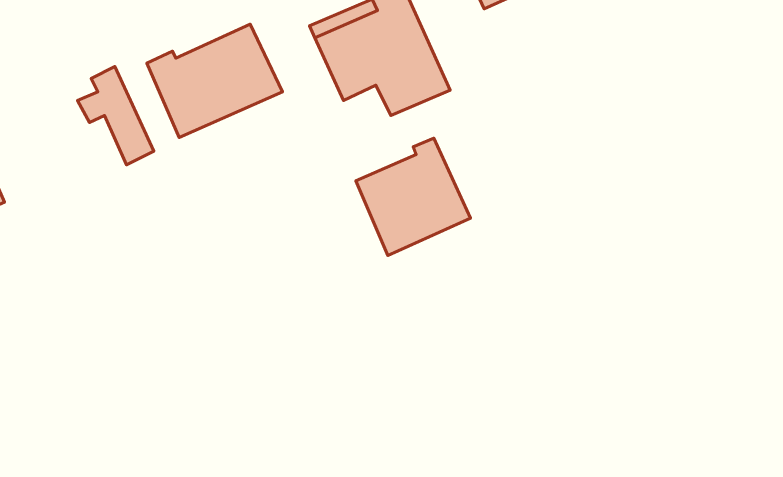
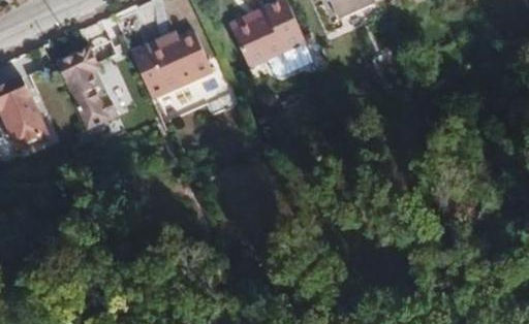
building: none -> [57,45,118,127]
building: [356,138,471,256] -> none

